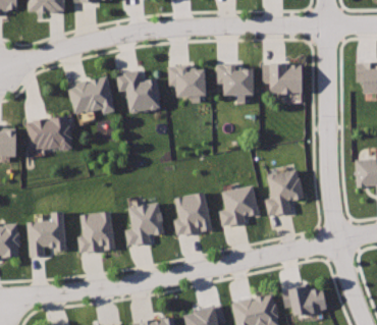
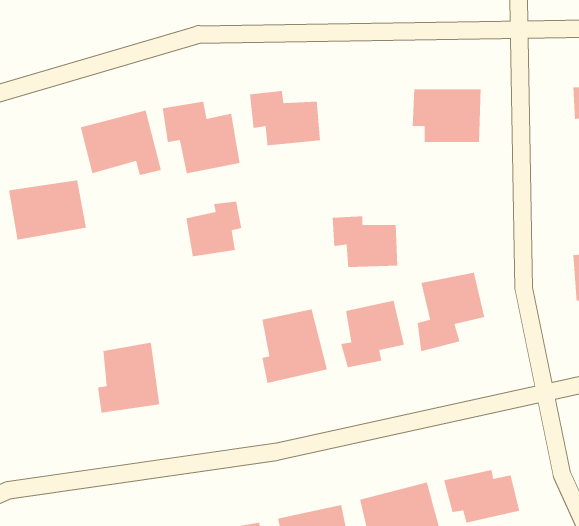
building: [216,64,255,95] -> [332,215,398,268]
building: none -> [185,201,242,257]
building: [125,202,165,246] -> none
building: [26,211,66,258] -> none

